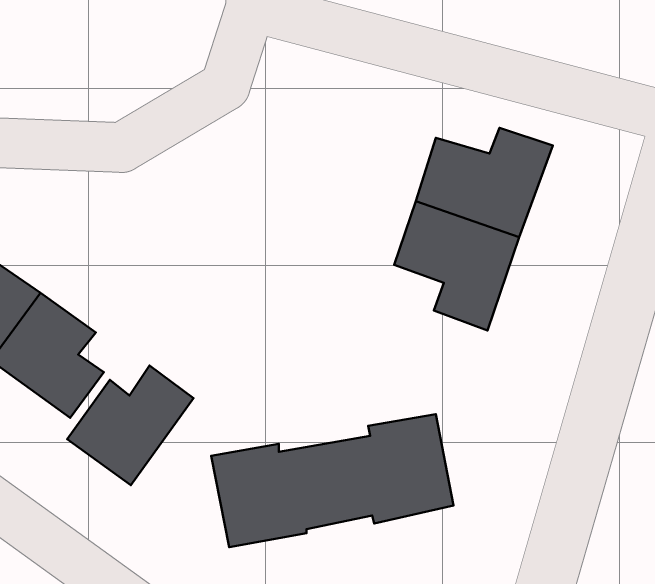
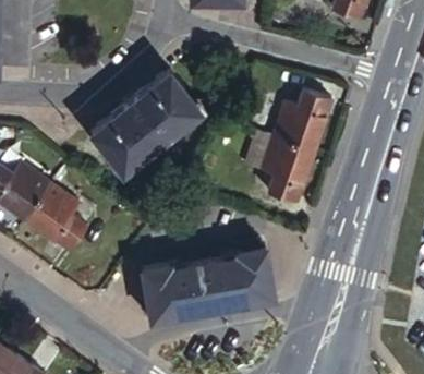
building: none -> [92,72,203,174]
building: [67,365,194,485] -> none

